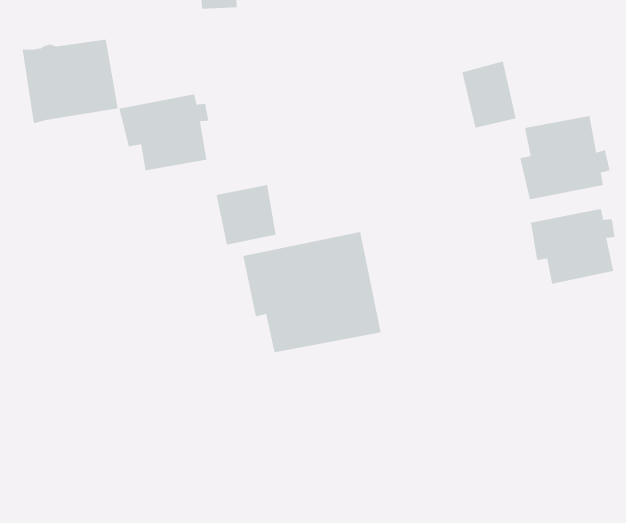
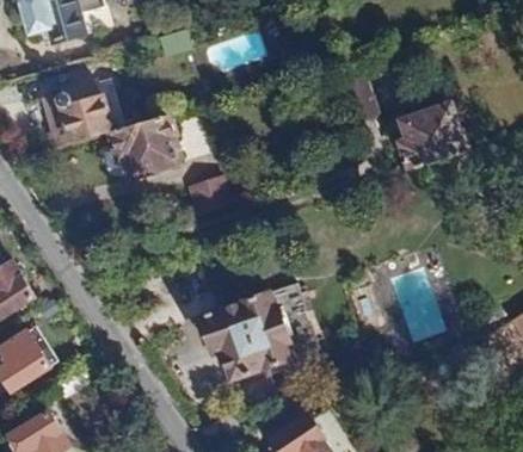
building: [530,208,615,285] -> none
building: [242,232,382,353] -> [196,289,299,379]

